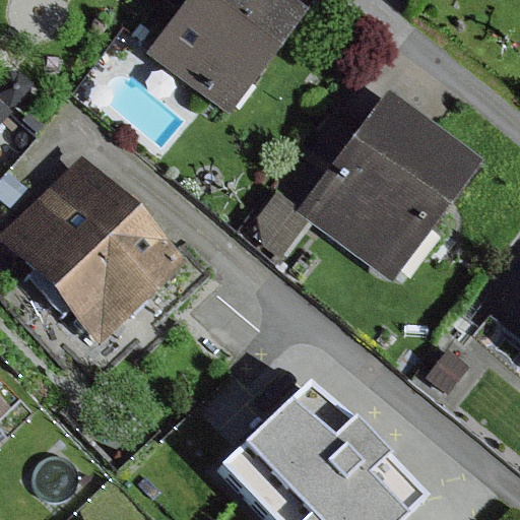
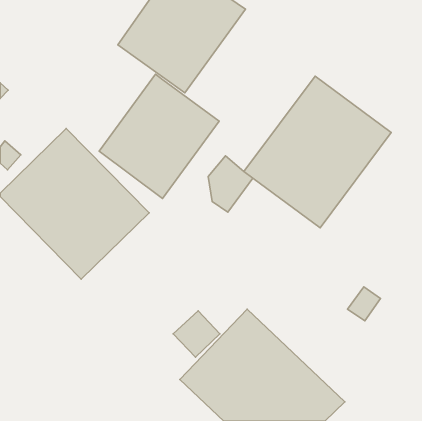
building: none -> [99,74,219,198]

